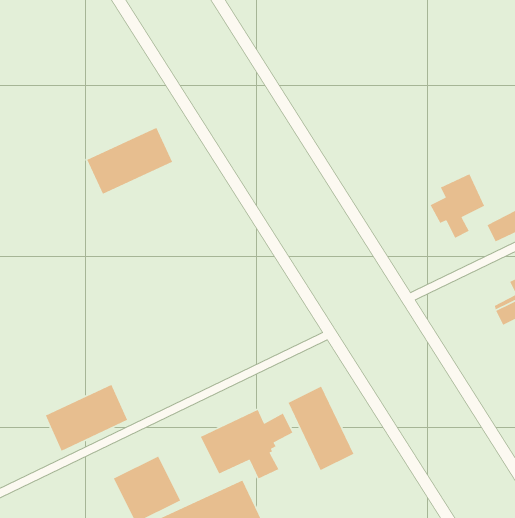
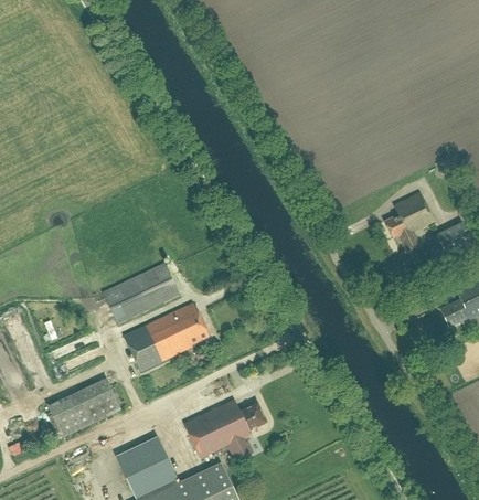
building: [86,127,173,195] -> [104,264,180,323]
building: none -> [124,302,210,371]
building: [287,385,354,471] -> none

